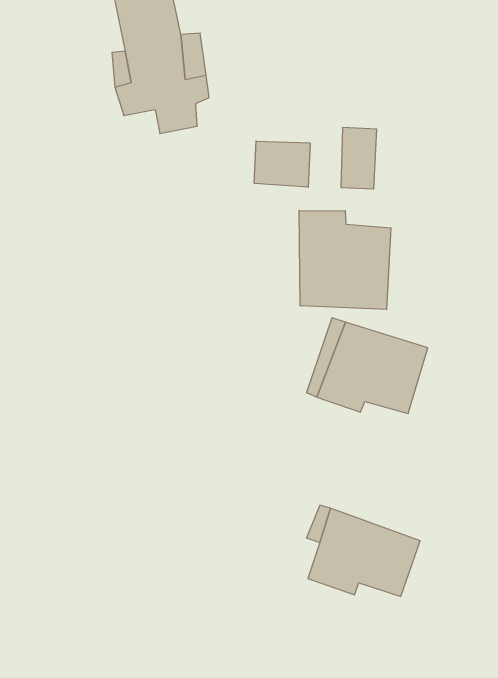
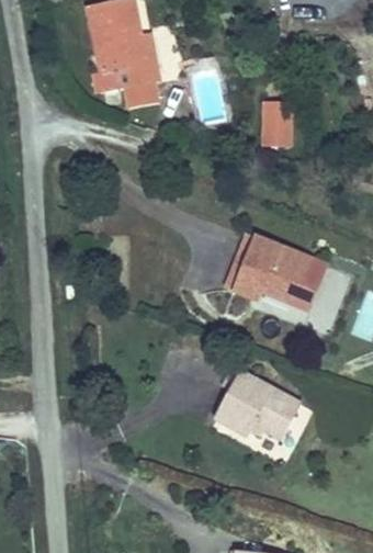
building: [254,141,310,187] -> none
building: [299,210,391,310] -> none

